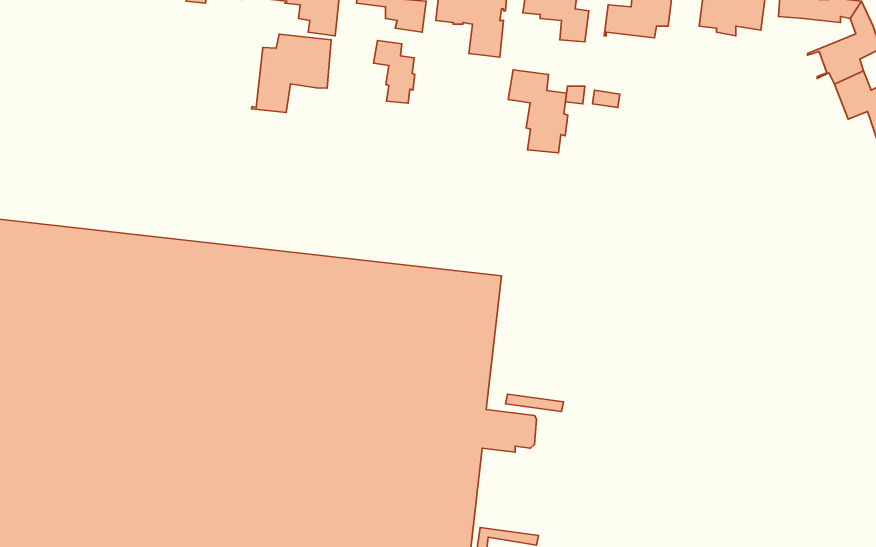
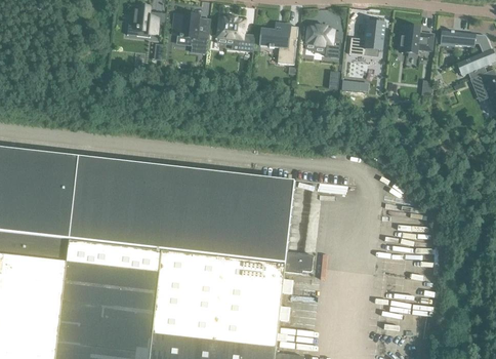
building: [252,34,331,112] -> none
building: [374,41,415,103] -> none
building: [508,70,568,153] -> none

